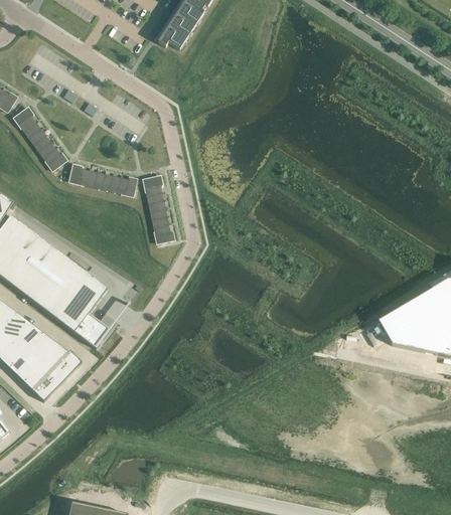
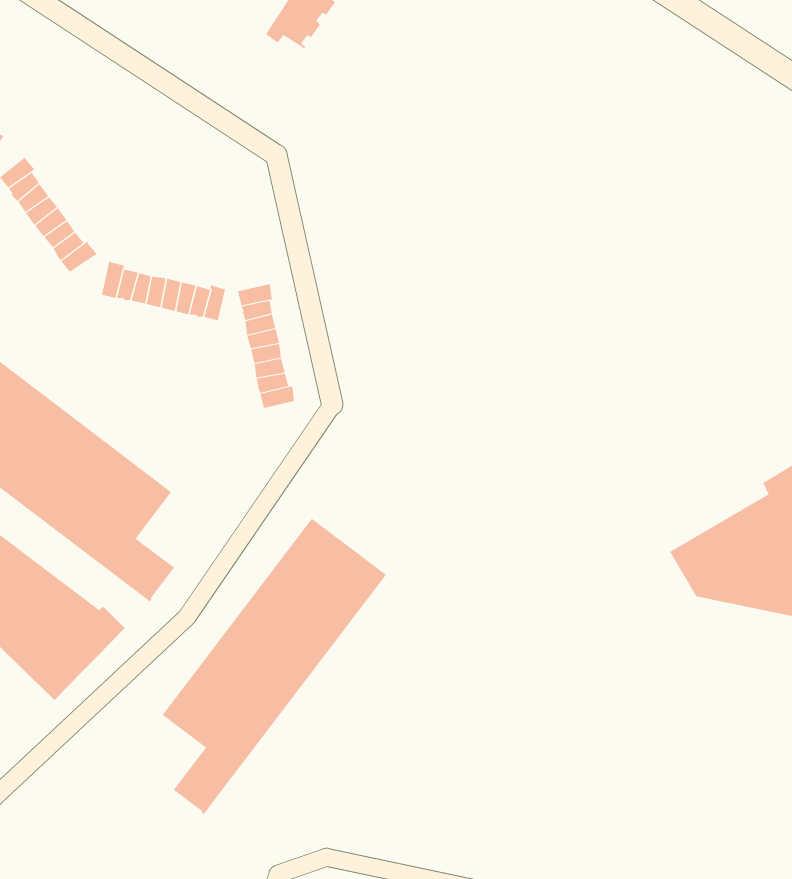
building: none -> [162,518,387,815]

